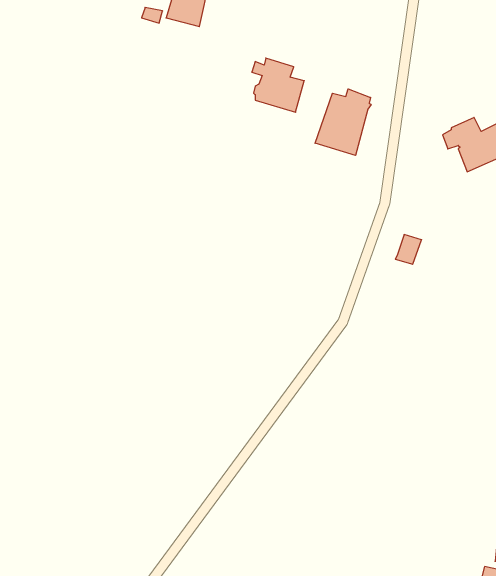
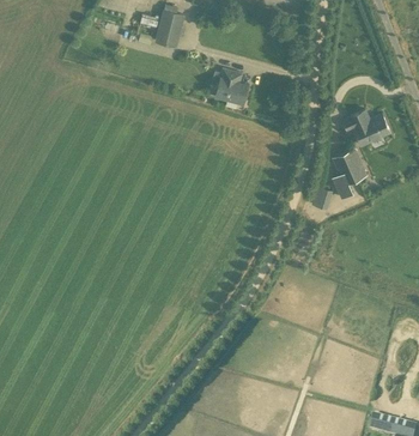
building: [315,89,371,155] -> none
building: none -> [333,149,365,199]

